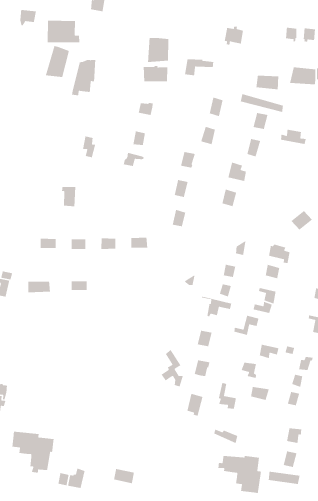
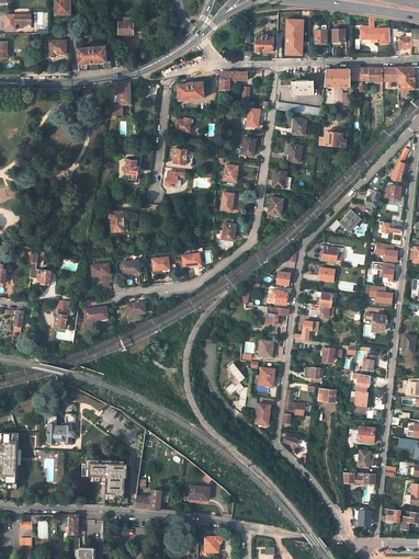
building: none -> [285,22,302,50]
building: [147,37,169,63] -> none
building: [45,45,70,78] -> none
building: [217,455,262,494] -> none

